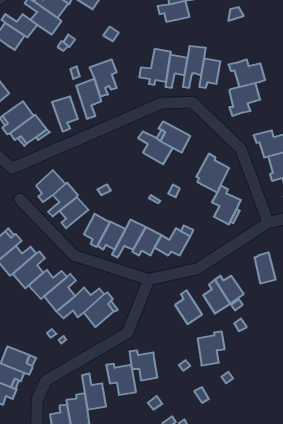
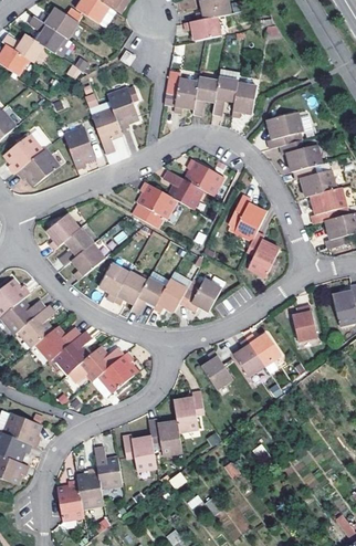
building: [228,60,265,87] -> [278,141,320,172]
building: none -> [133,180,174,225]
building: [198,332,225,366] -> [175,390,206,429]

